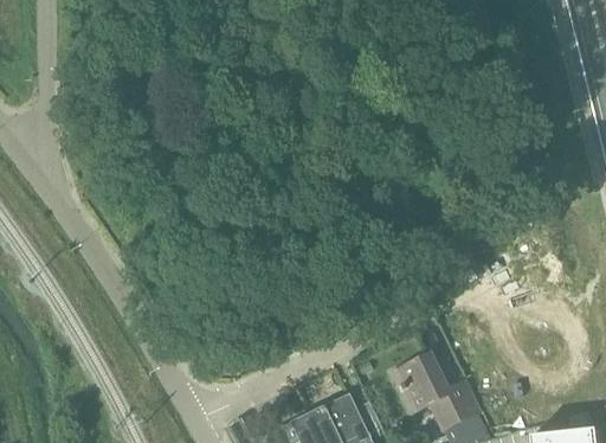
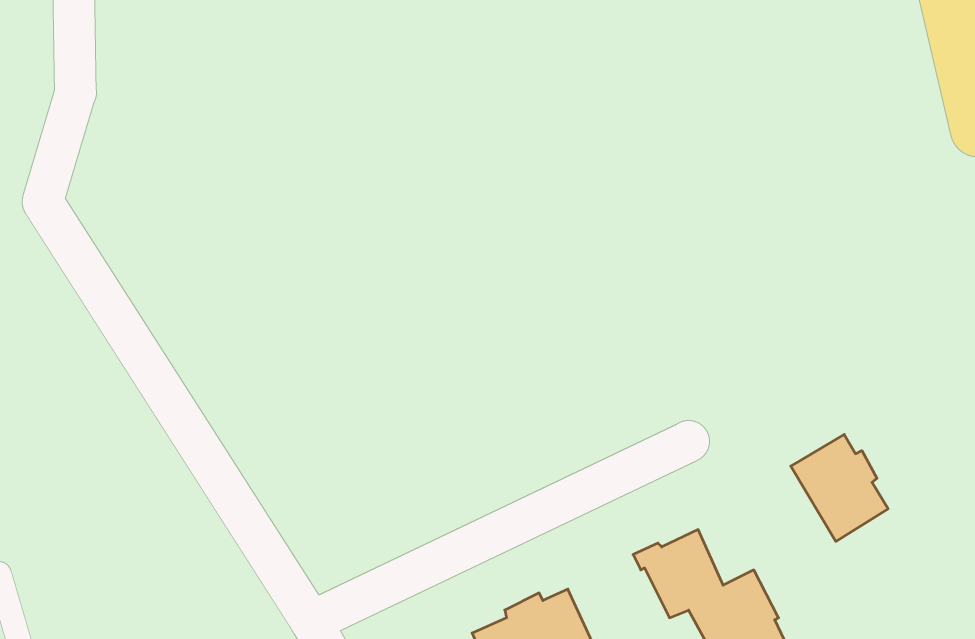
building: none -> [791,434,888,541]

